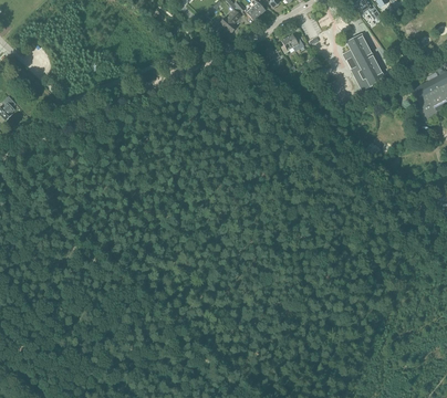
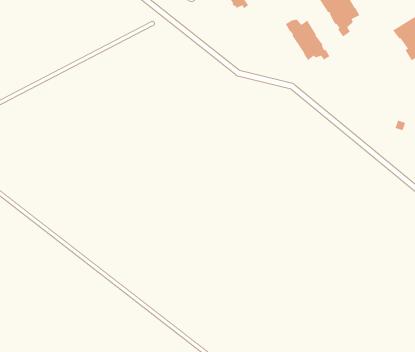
building: none -> [285,19,330,61]

